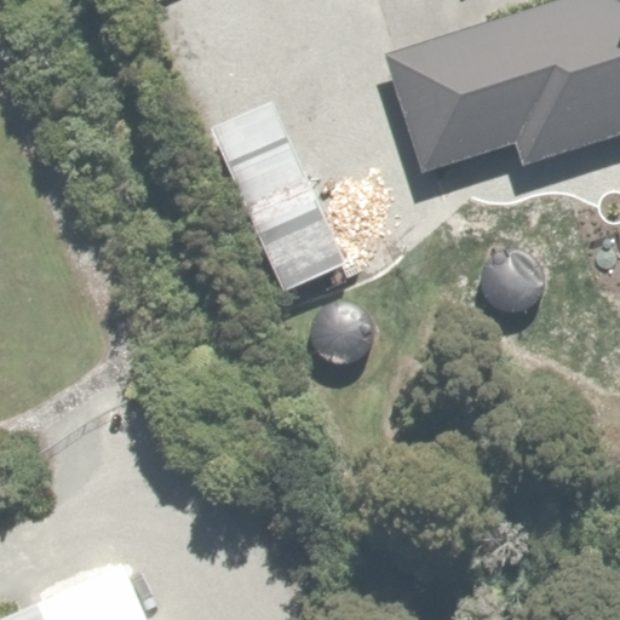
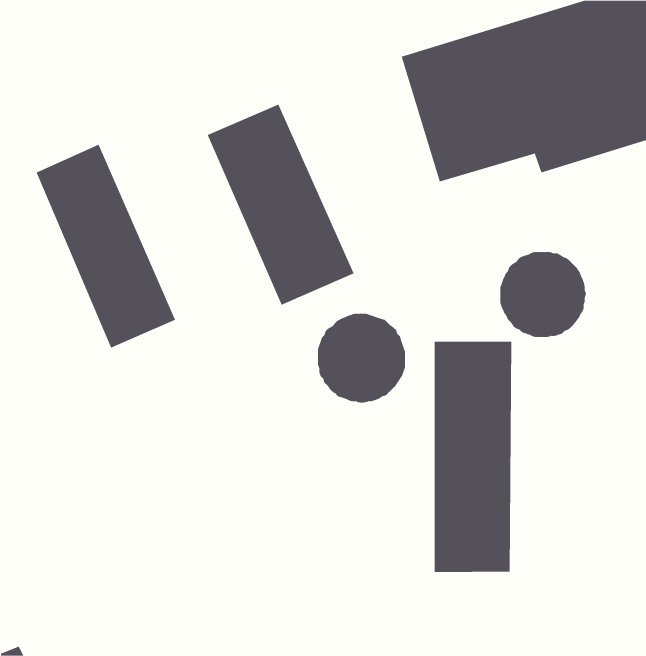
building: none -> [36,144,176,348]
building: none -> [434,341,512,573]

